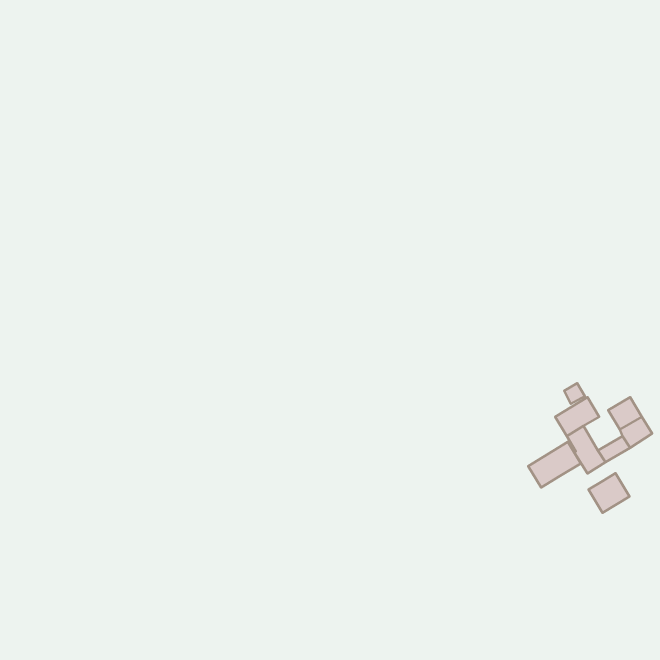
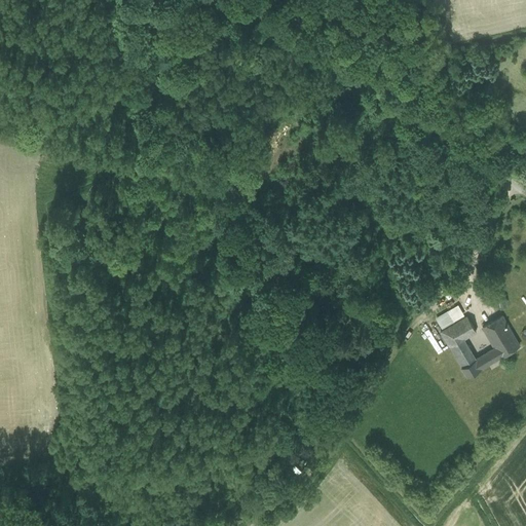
building: [528,442,581,488] -> none
building: [588,473,630,513] -> none

